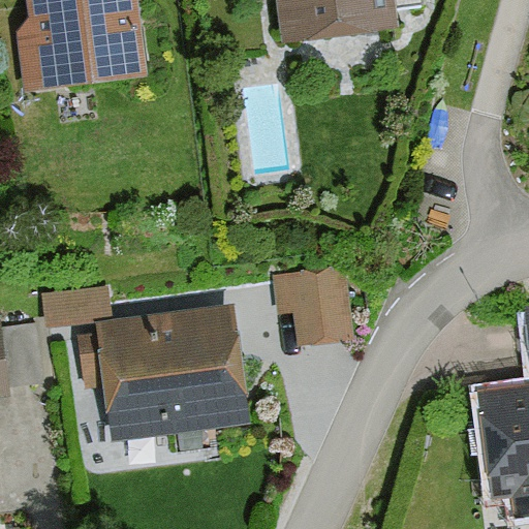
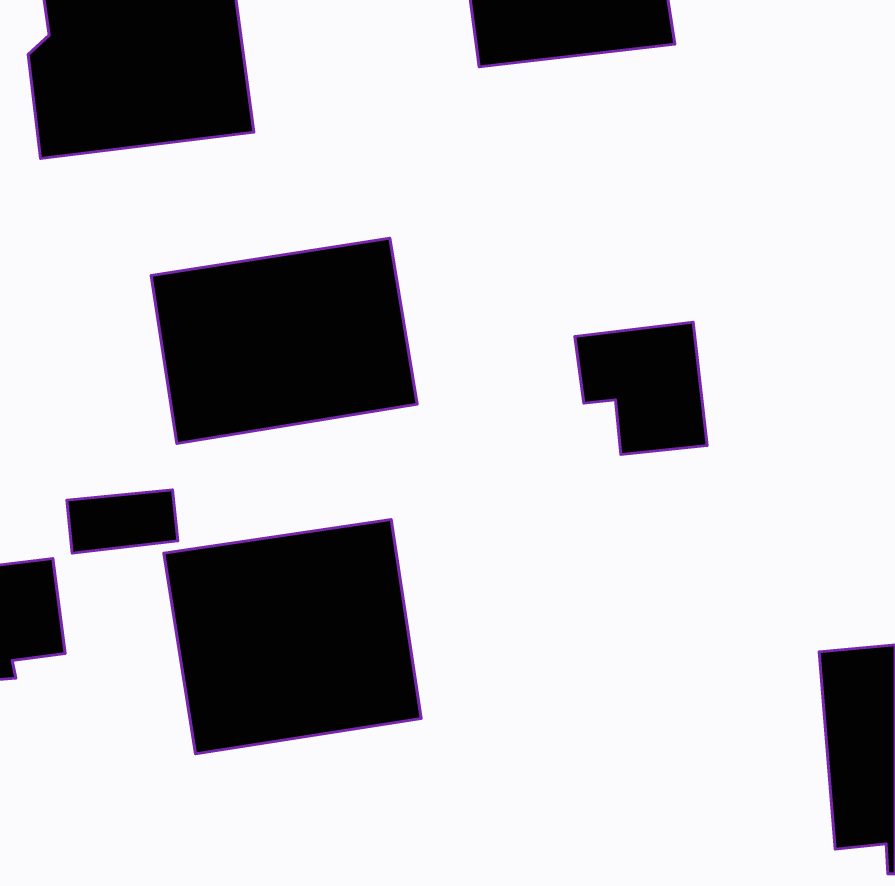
building: none -> [151,238,417,443]
building: [267,264,344,342] -> [575,322,707,454]

